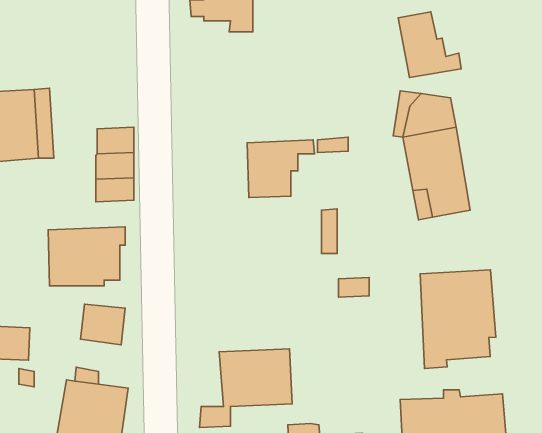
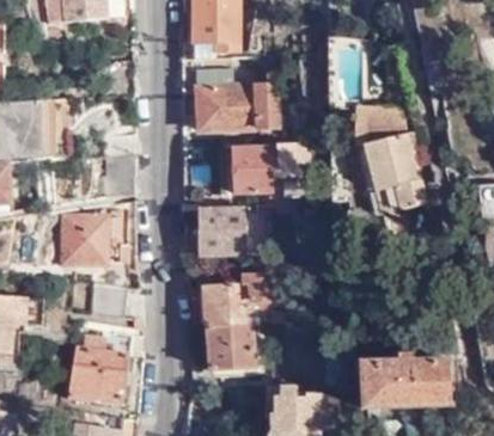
building: [398,12,461,78] -> none
building: none -> [181,55,276,139]
building: none -> [197,202,278,253]
building: [420,270,496,369] -> none
building: none -> [205,266,301,323]

